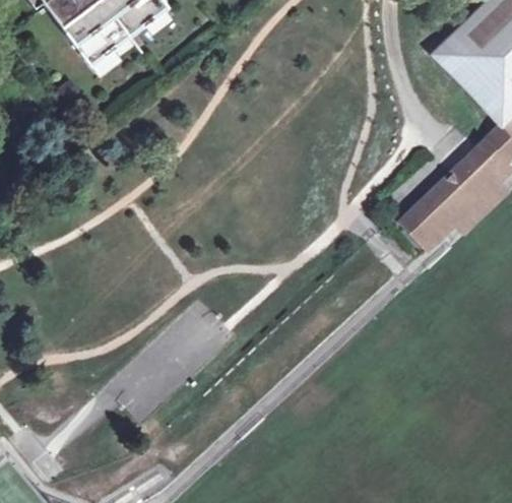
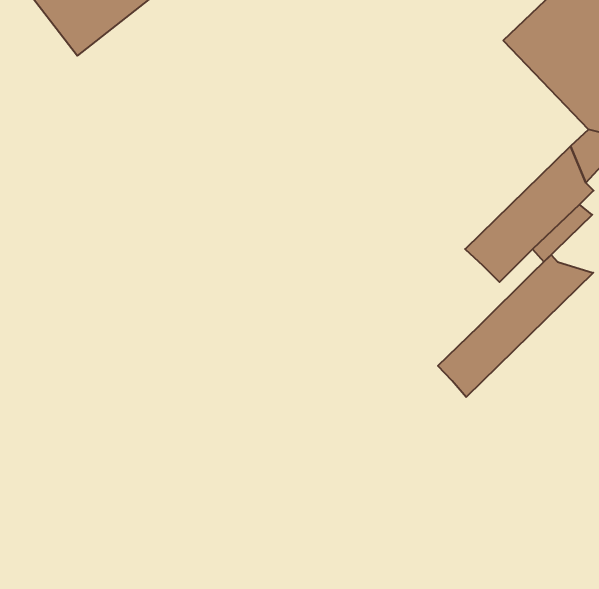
building: none -> [438,255,593,397]

